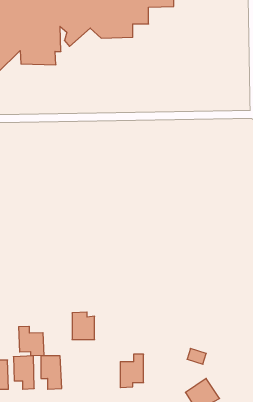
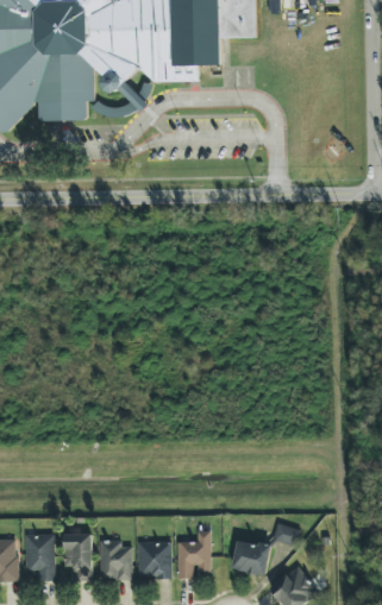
building: [72,312,95,340] -> [100,540,132,579]
building: [19,326,44,356] -> none
building: none -> [232,540,271,575]
building: none -> [138,541,171,578]

